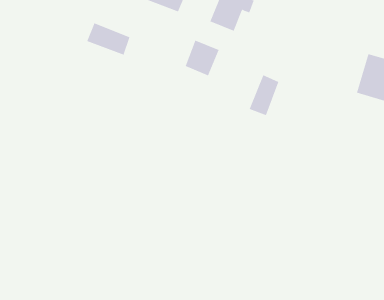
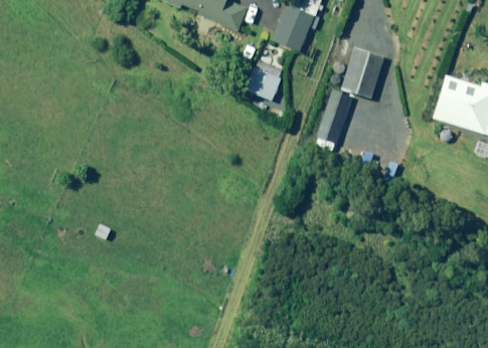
building: [86,23,130,56] -> none
building: none -> [340,47,383,99]

